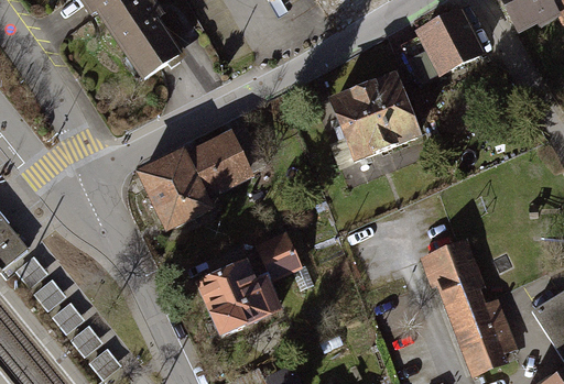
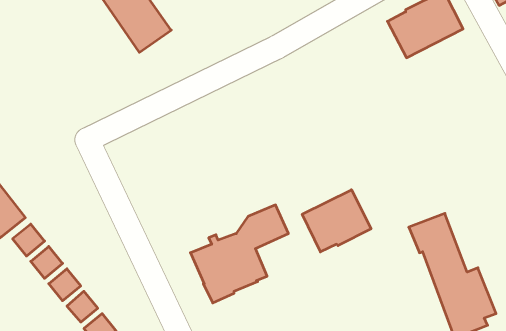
building: [332,78,416,160] -> none
building: [140,129,264,229] -> none
building: none -> [302,190,371,252]

